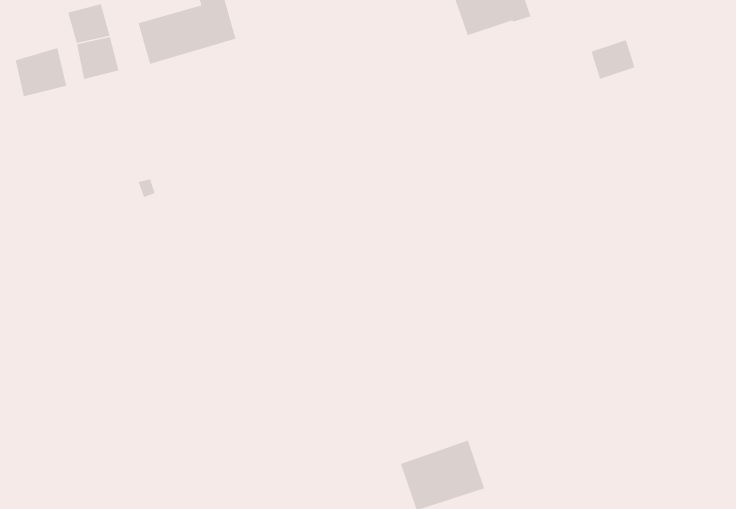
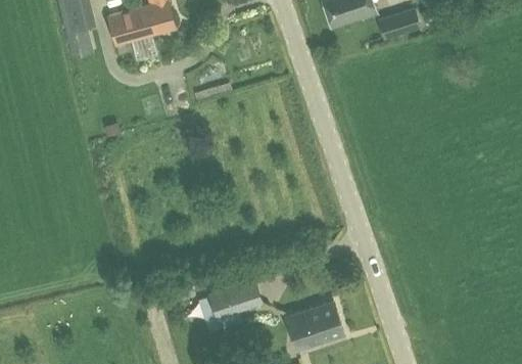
building: [590,39,635,80] -> [391,9,422,37]
building: [15,47,67,97] -> none
building: none -> [207,281,263,320]

